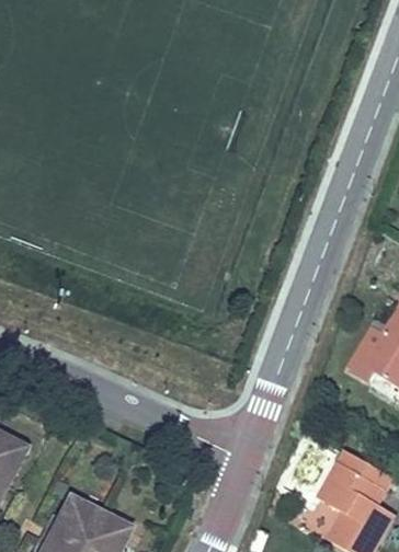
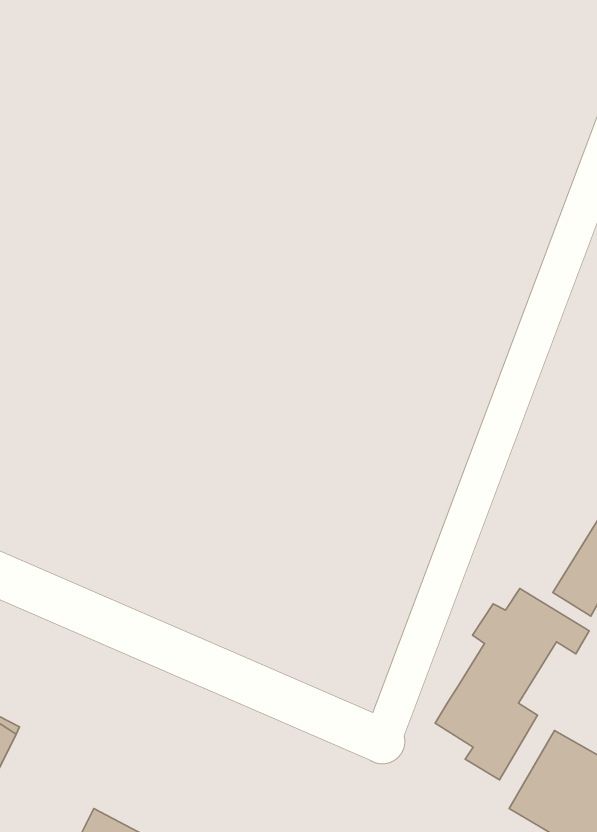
building: none -> [435,589,589,780]

